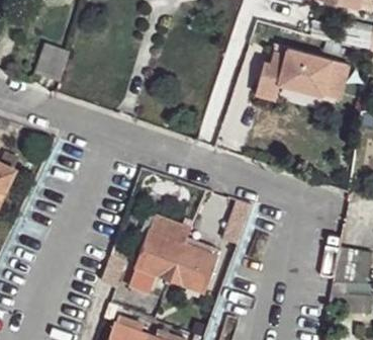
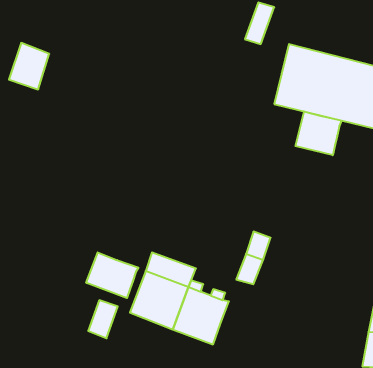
building: none -> [295,111,341,155]
building: none -> [86,252,138,298]

